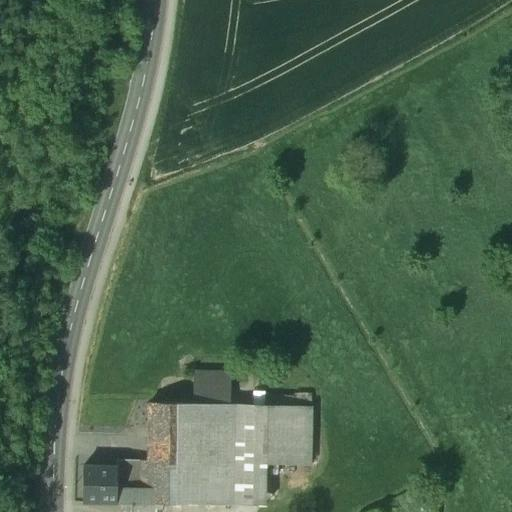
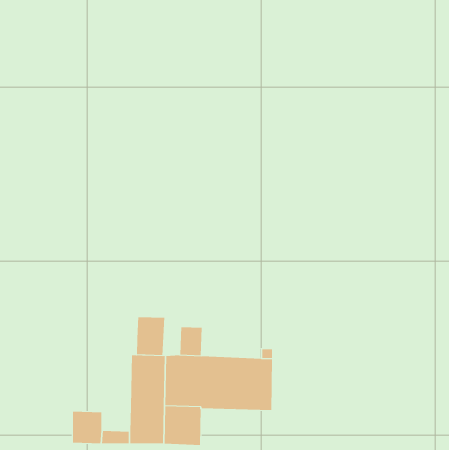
building: none -> [137,316,165,356]
building: [117,462,149,490] -> none
building: [229,464,268,506] -> none

